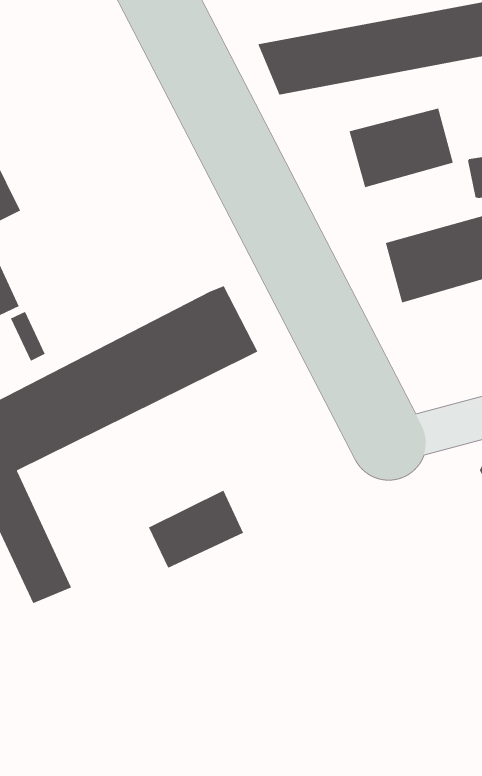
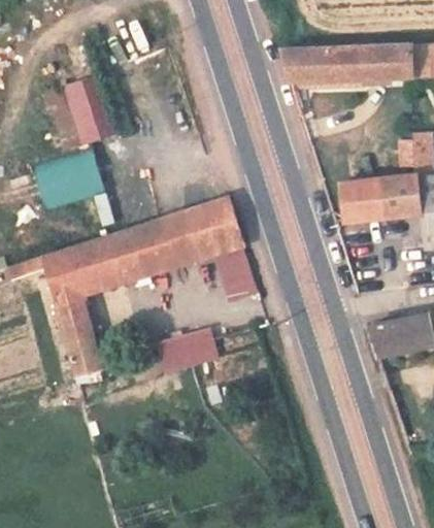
building: [349,107,454,188] -> none
building: none -> [214,243,255,295]

